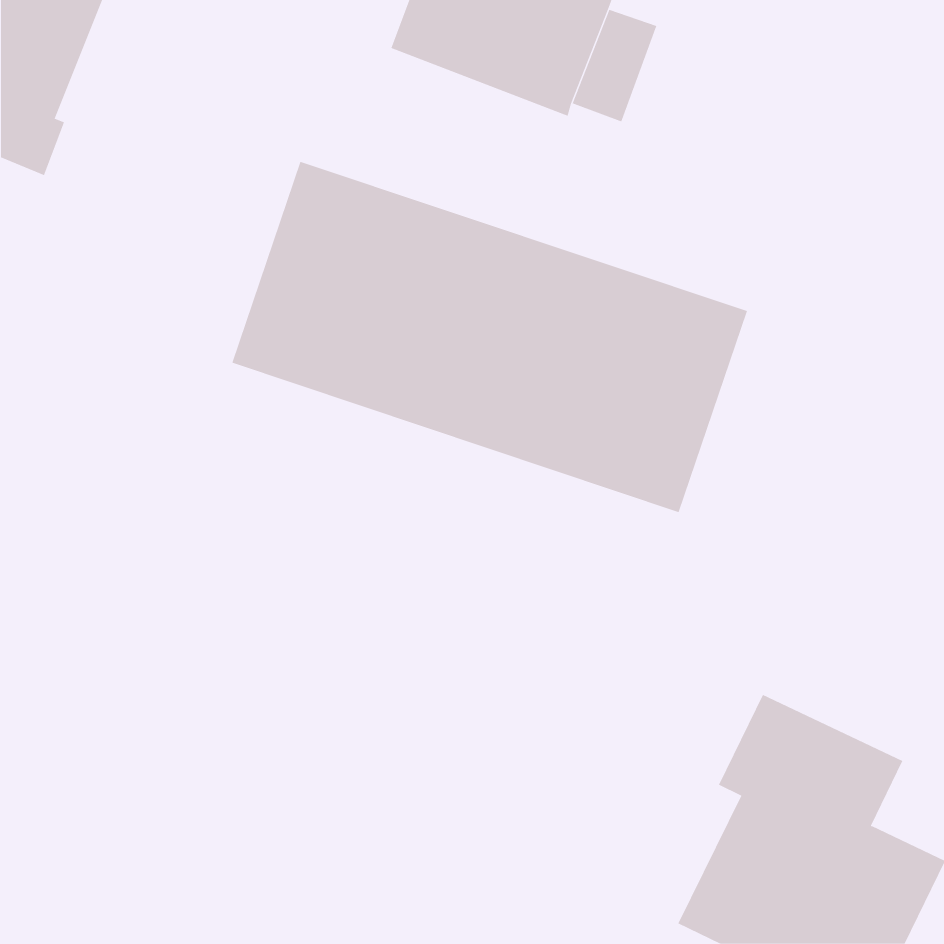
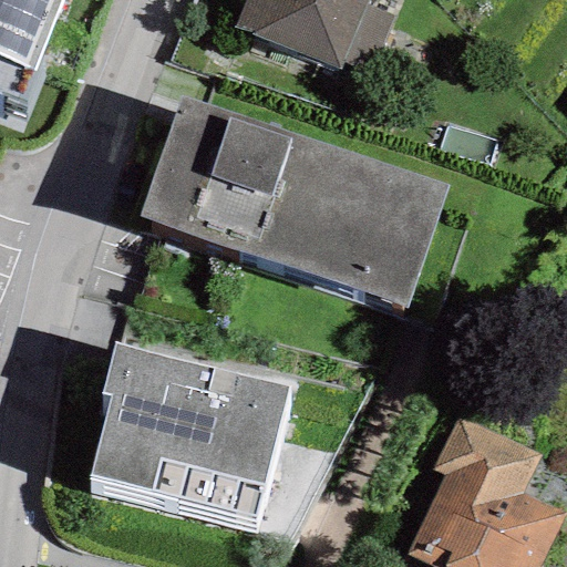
building: none -> [87,342,291,520]

